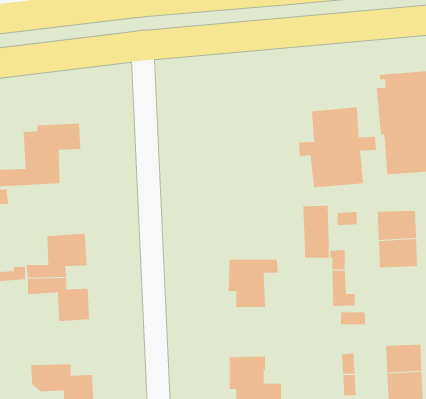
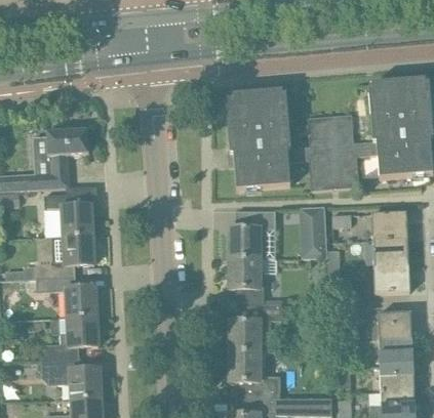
building: none -> [226,90,290,191]
building: none -> [43,195,92,237]
building: none -> [229,210,274,258]
building: none -> [371,265,409,293]
building: none -> [229,304,281,351]
building: none -> [370,311,411,340]
building: none -> [39,316,98,359]

